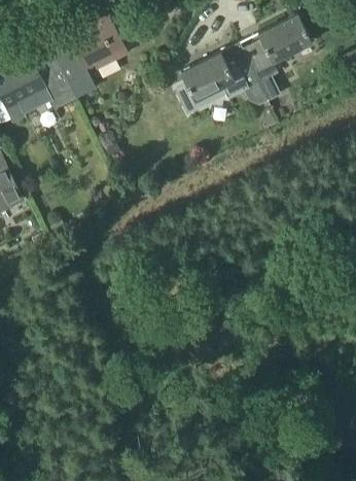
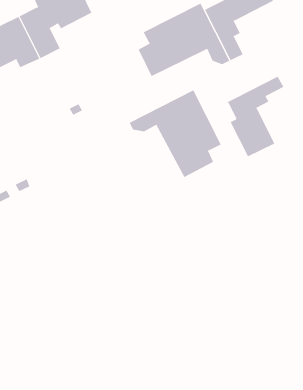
building: none -> [221,76,284,157]
building: none -> [129,90,222,178]

